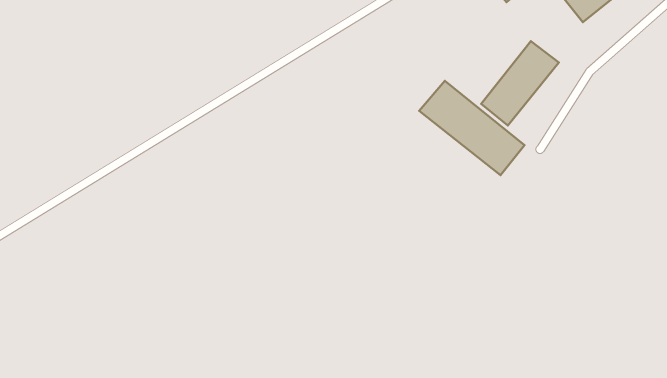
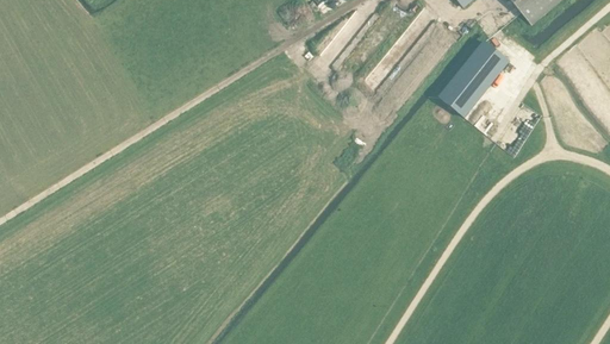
building: [419,81,524,175] -> none

